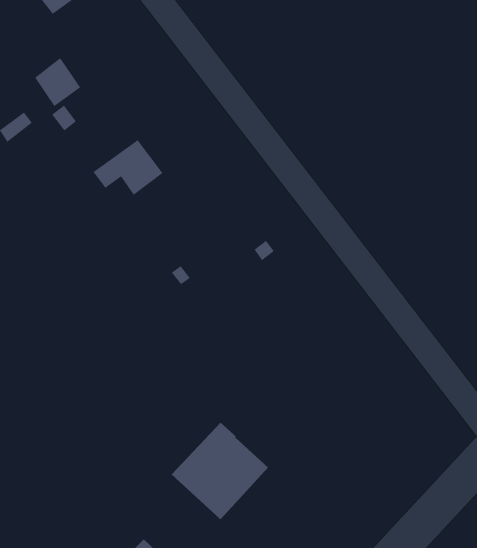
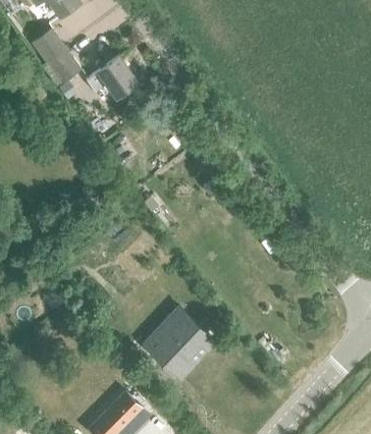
building: none -> [32,29,64,61]
building: [92,139,164,196] -> [86,56,137,97]

